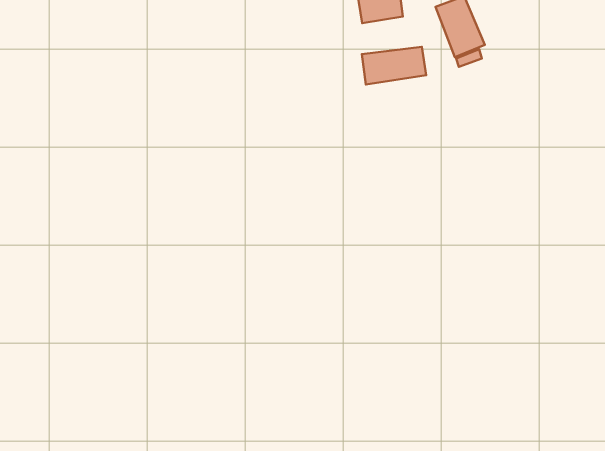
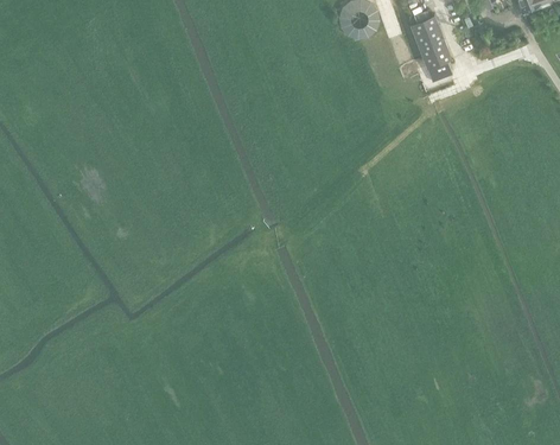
building: [362,47,426,84] -> none

